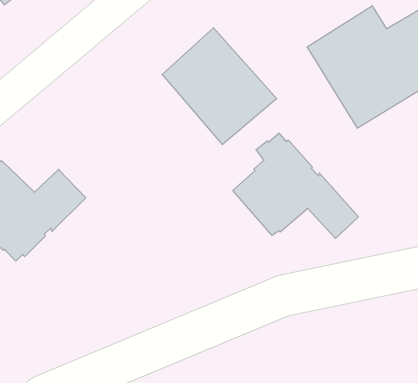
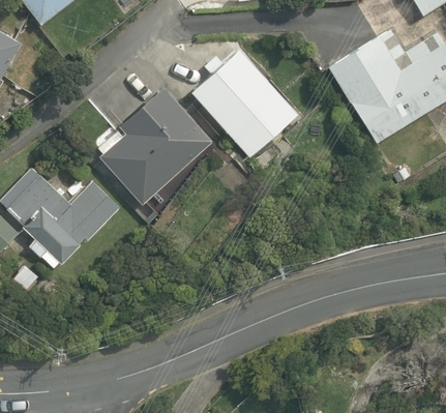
building: none -> [99,86,214,207]
building: [233,133,358,238] -> none

